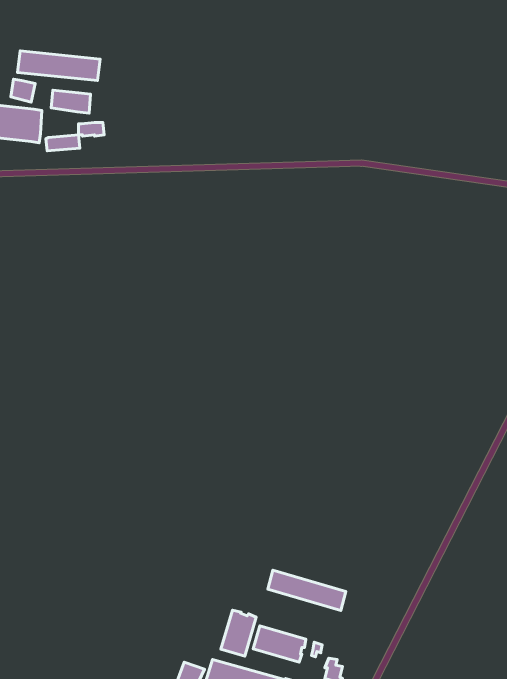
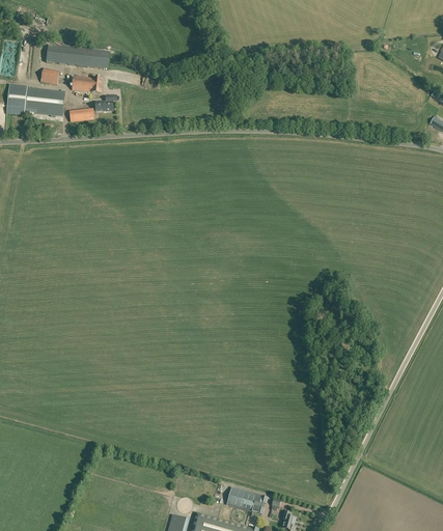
building: [268,570,346,610] -> none
building: [221,610,256,656] -> none

